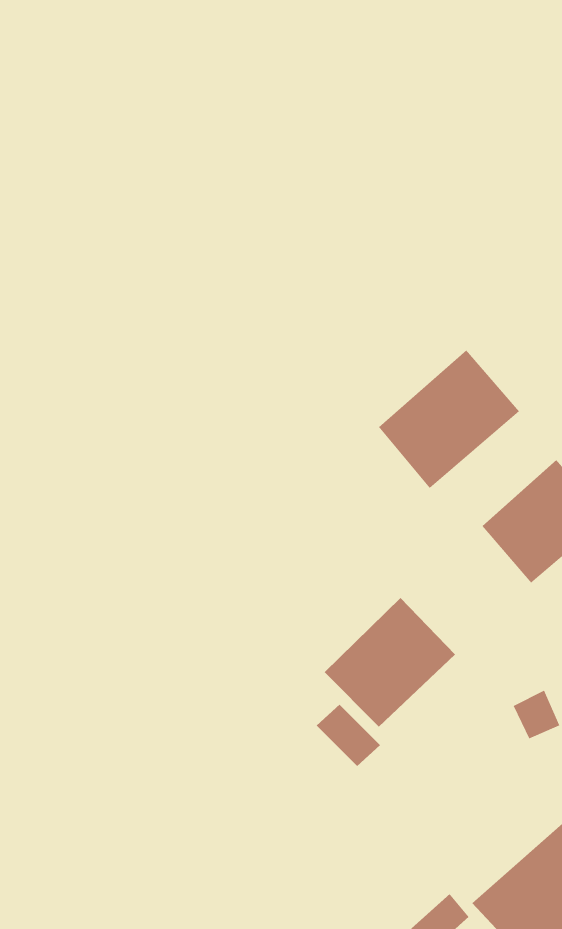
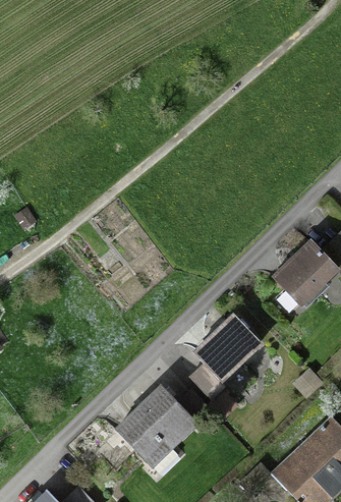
building: [378,349,520,489] -> none
building: none -> [115,385,196,466]

